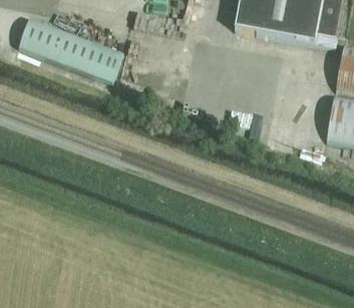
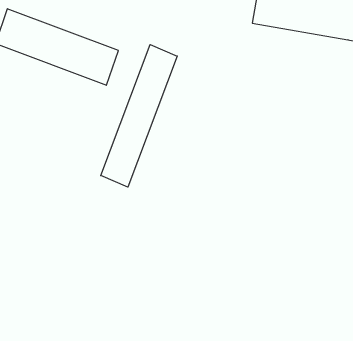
building: none -> [101,45,177,187]

